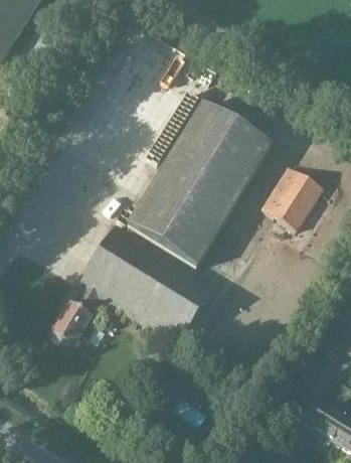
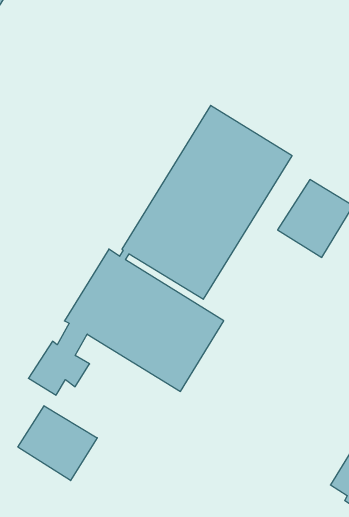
building: none -> [18,406,97,481]

